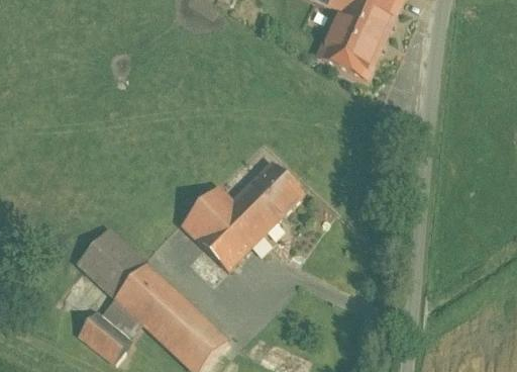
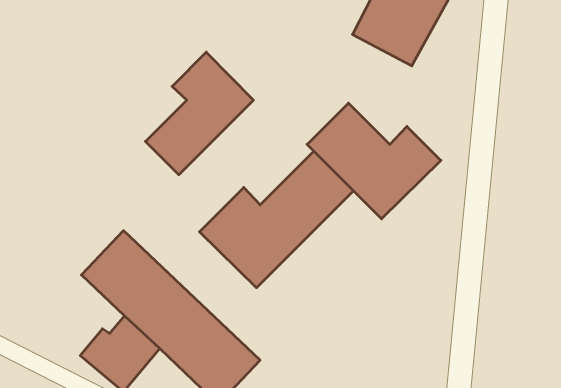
building: none -> [145,52,253,175]
building: none -> [307,103,441,219]

